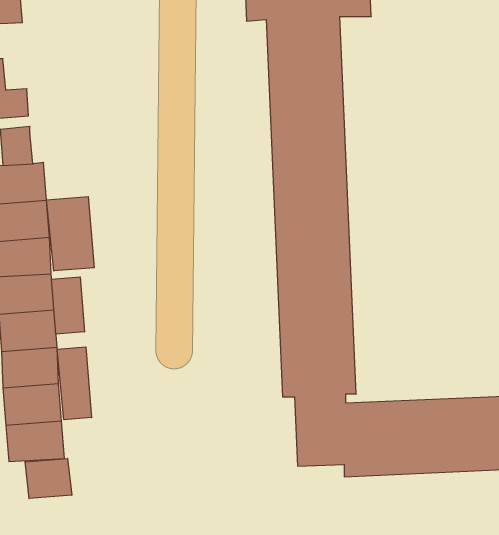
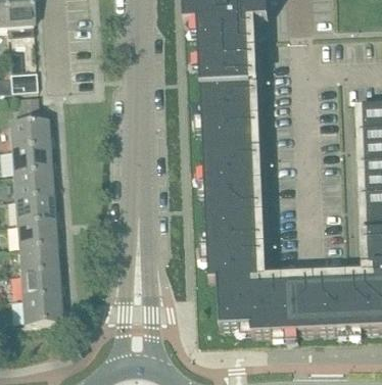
building: [47,197,94,271] -> none
building: [52,277,84,334] -> none
building: [57,347,92,420] -> none
building: [25,458,72,499] -> none

